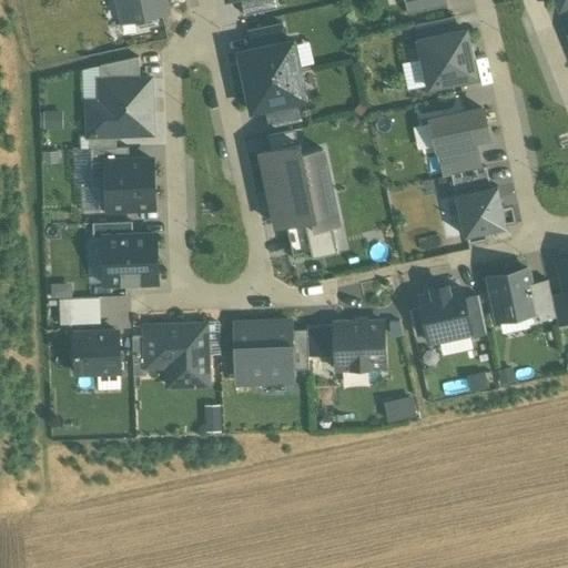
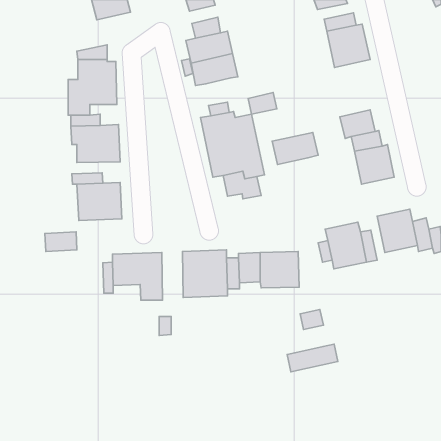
building: [264,100,301,128] -> [248,93,277,114]
building: [429,109,488,150] -> [272,133,318,165]
building: [74,333,119,372] -> none
building: none -> [287,344,338,372]

